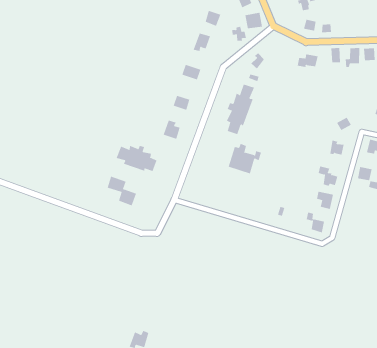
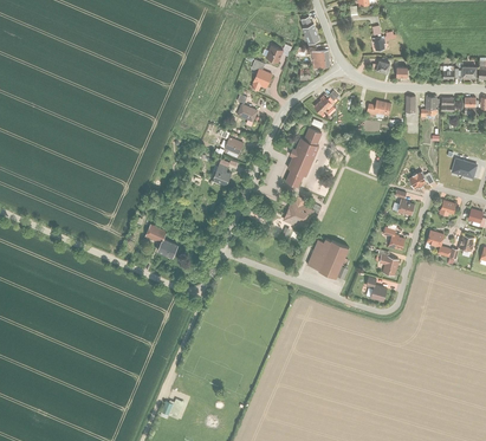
building: [116,145,157,172] -> none
building: none -> [304,239,343,277]

